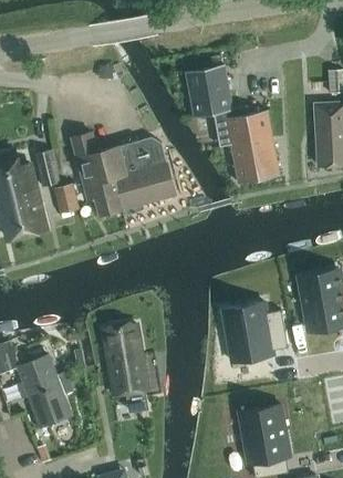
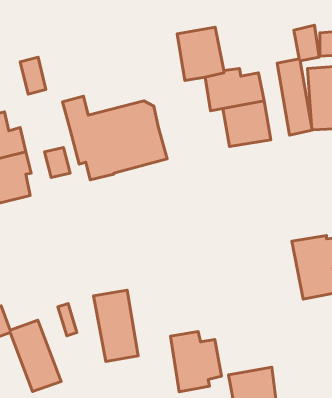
building: none -> [277,25,319,135]
building: [34,149,60,186] -> [20,57,46,94]
building: [228,310,279,370] -> [170,332,222,392]

